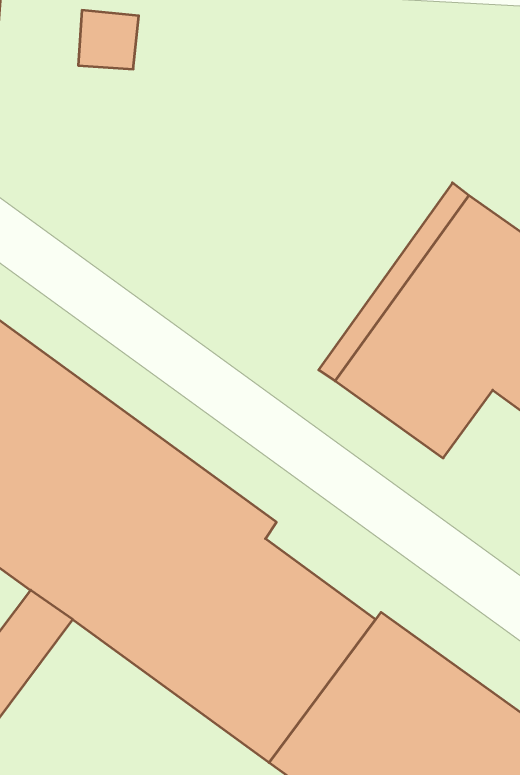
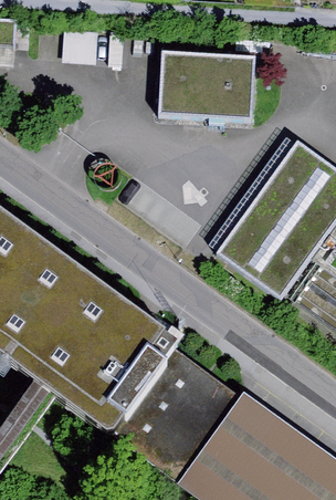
building: none -> [158,51,255,118]

